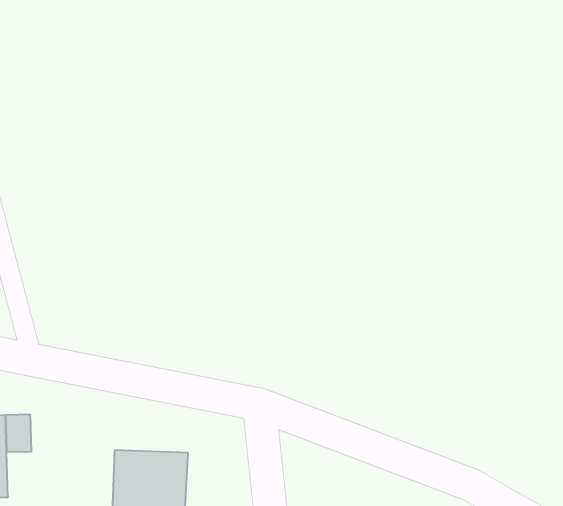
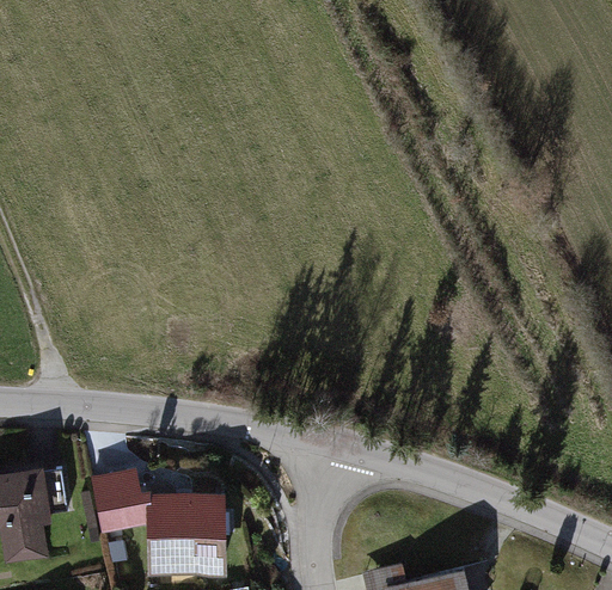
building: none -> [88,473,128,512]

